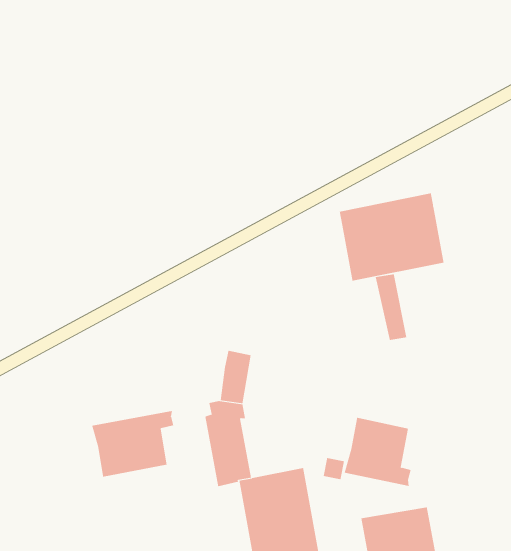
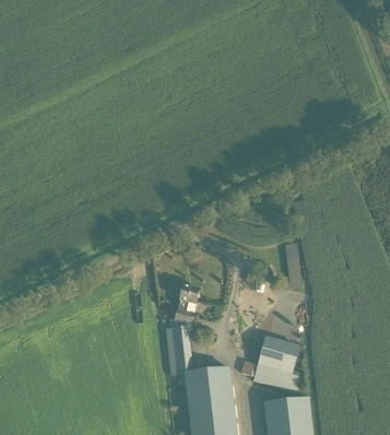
building: [339,193,444,281] -> none
building: [92,410,174,478] -> none

